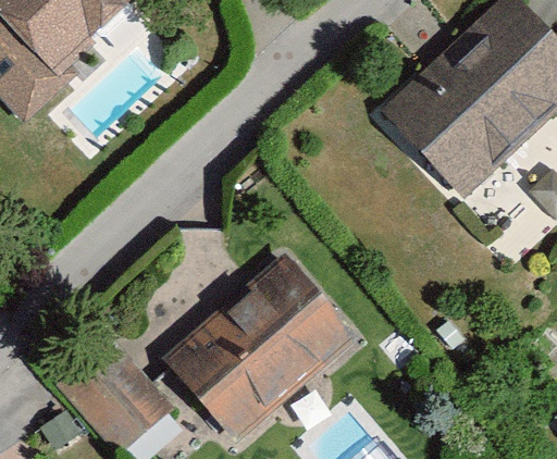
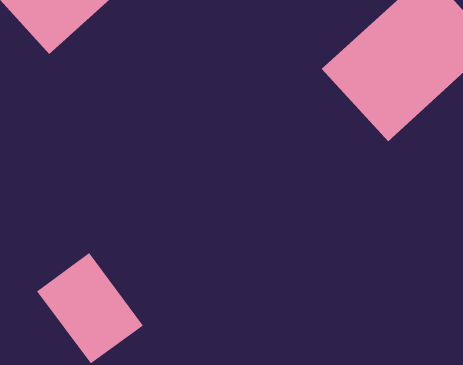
building: [161,252,358,442] -> none

